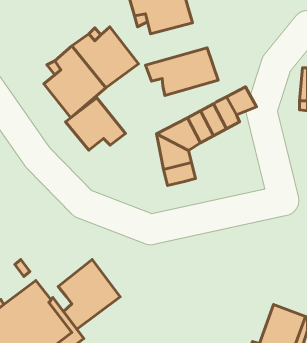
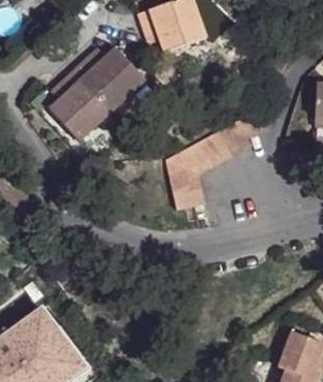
building: [145,48,218,96] -> none
building: [65,98,126,150] -> none
building: [58,260,120,329] -> none

